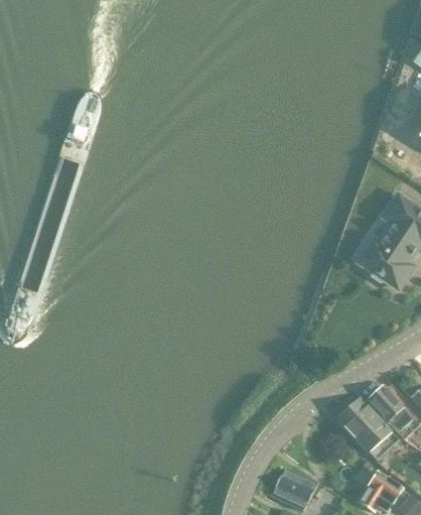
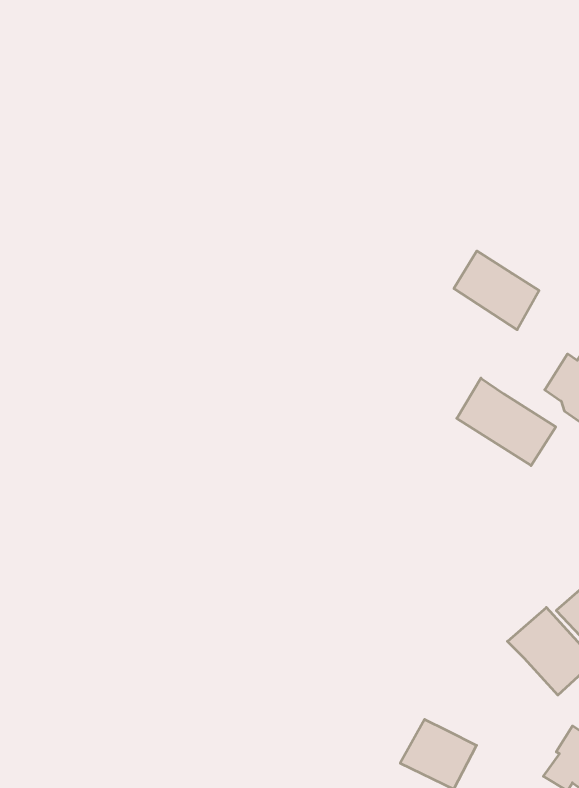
building: none -> [454,251,539,330]
building: none -> [457,378,556,466]

